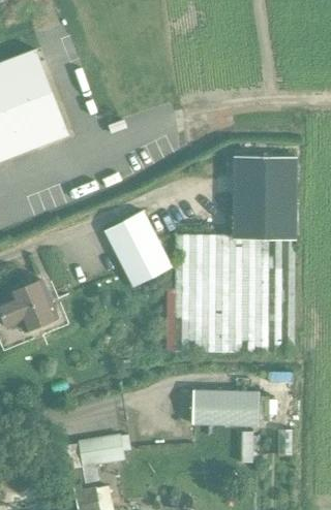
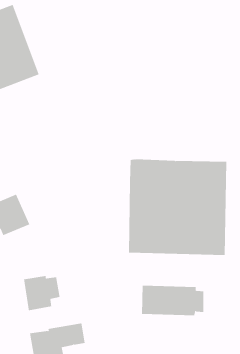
building: [232,157,297,240] -> none
building: [104,212,170,286] -> none
building: none -> [24,275,60,311]

